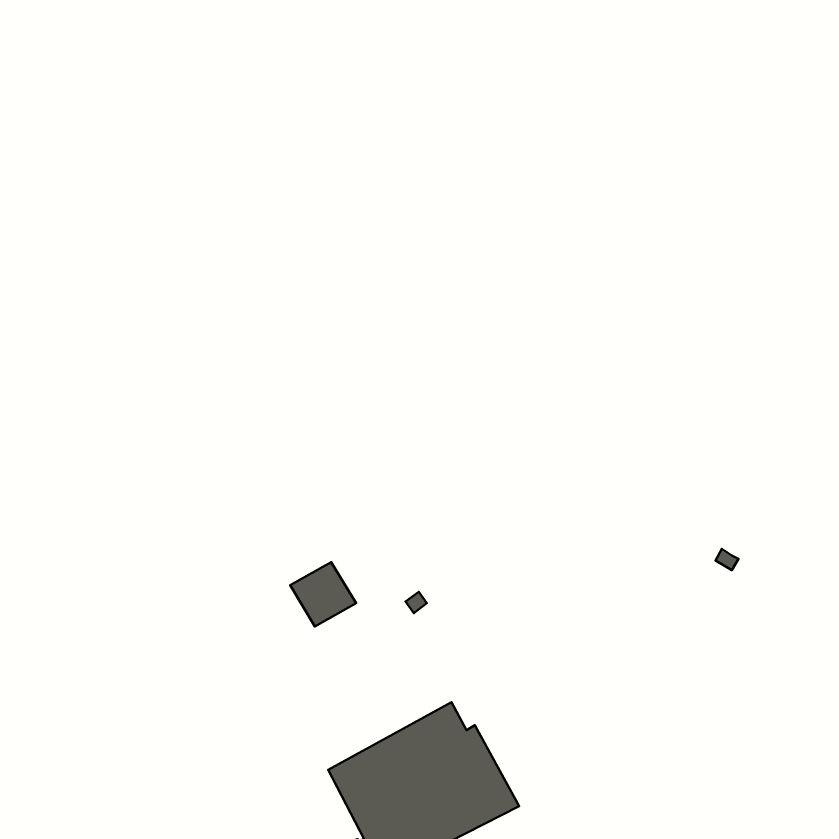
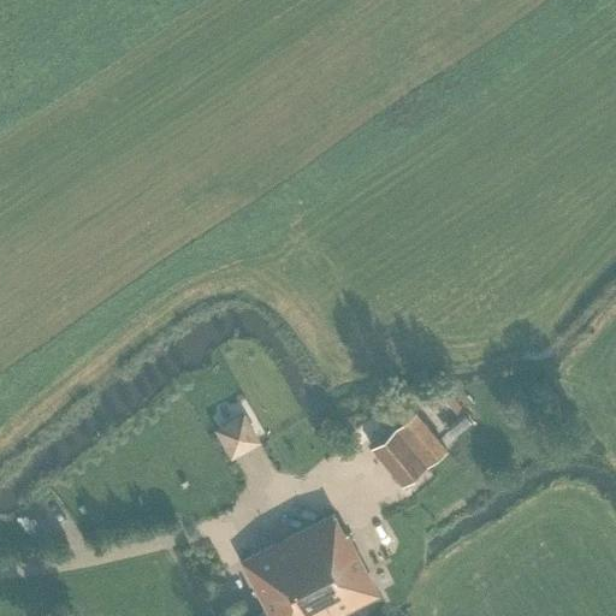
building: none -> [374,419,443,487]

